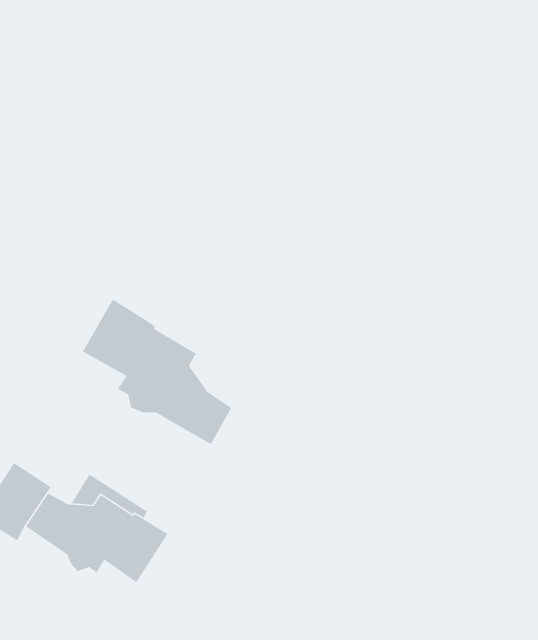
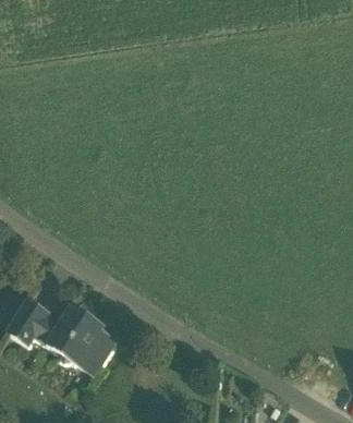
building: [82,299,232,445] -> none

